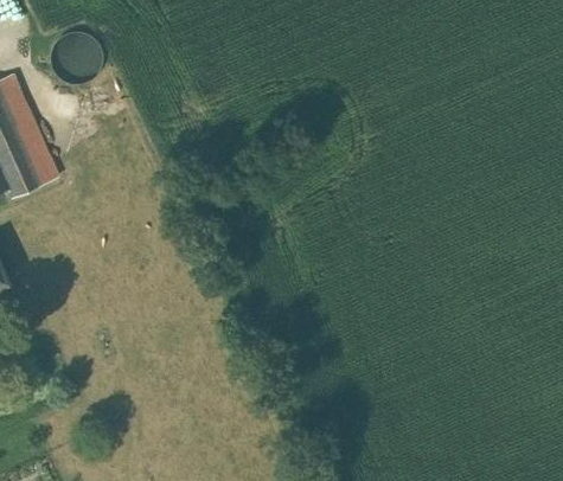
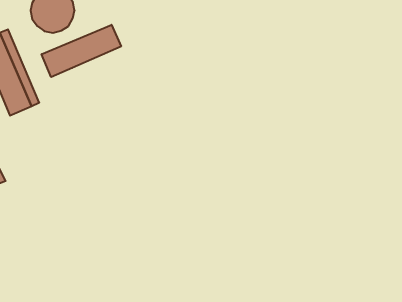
building: none -> [42,25,121,77]

